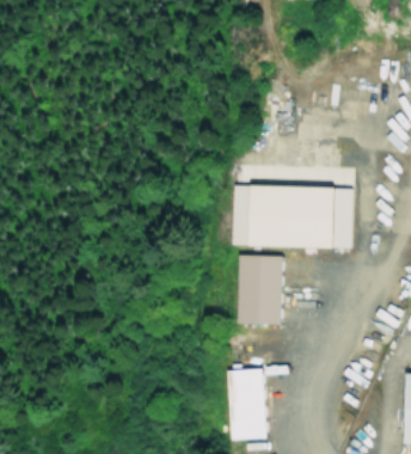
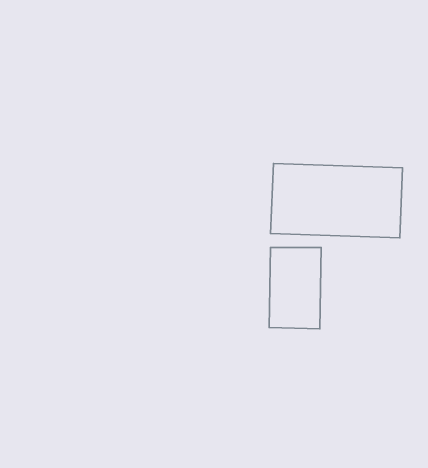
building: [231,369,265,438] -> none

